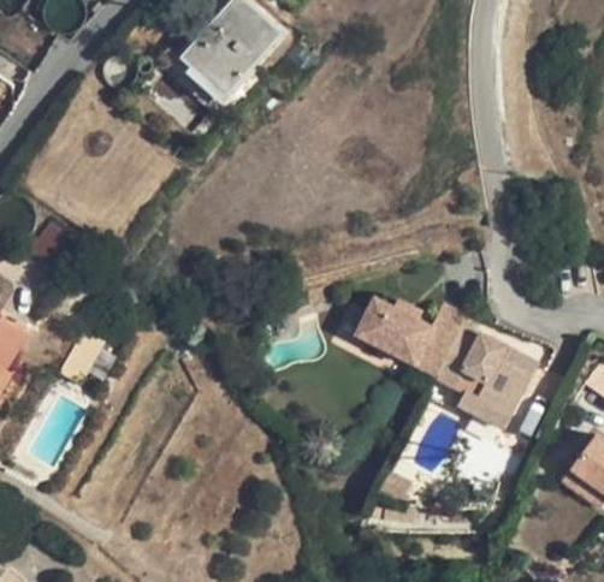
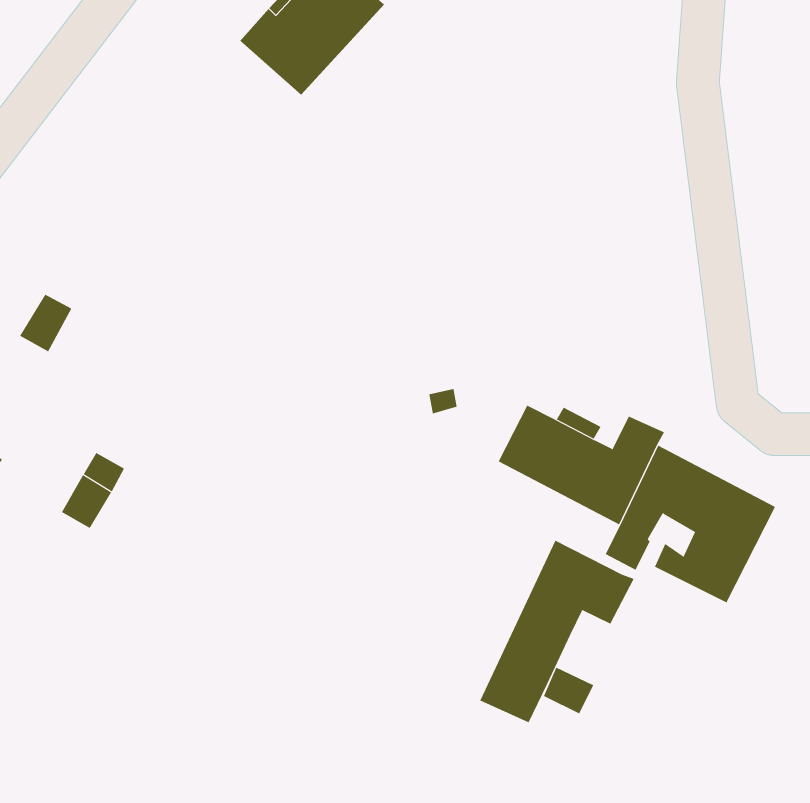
building: none -> [480,540,634,723]

